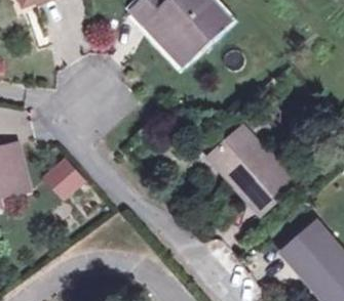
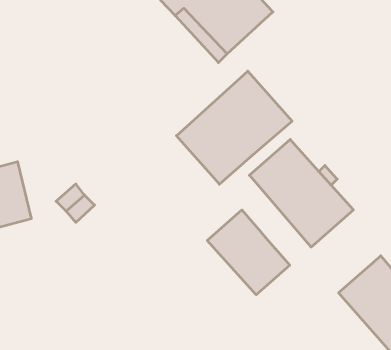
building: none -> [176,71,292,184]
building: none -> [207,210,290,295]

